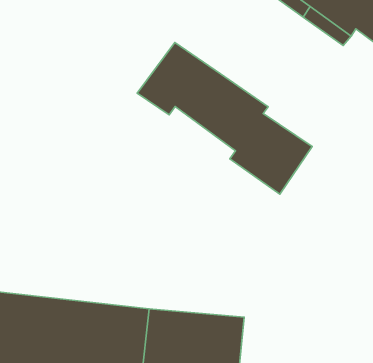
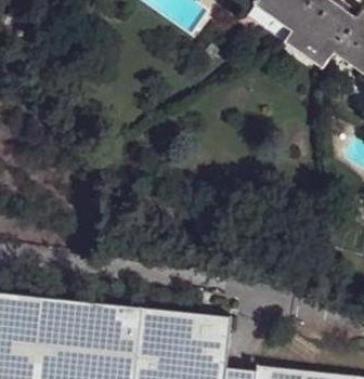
building: [137,43,312,194] -> none

